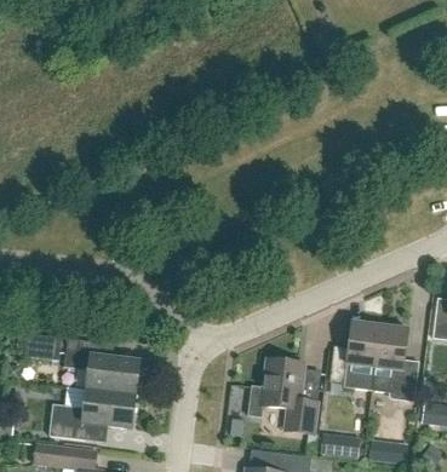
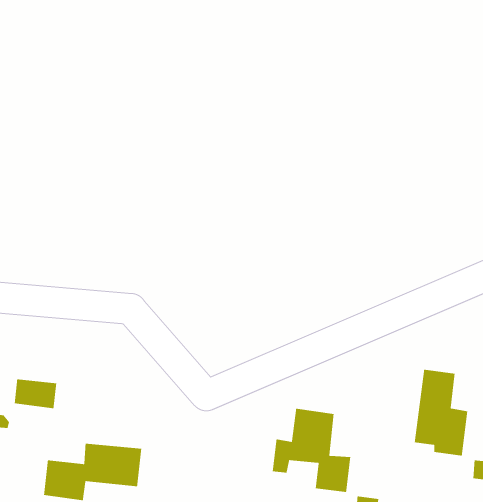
building: [329,321,380,388] -> none
building: [64,351,141,393] -> none

